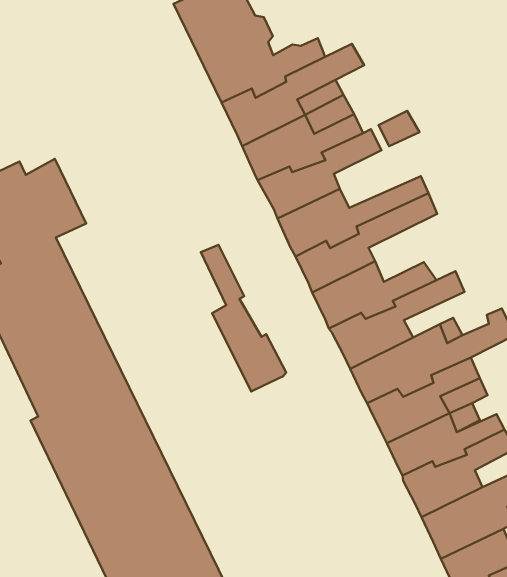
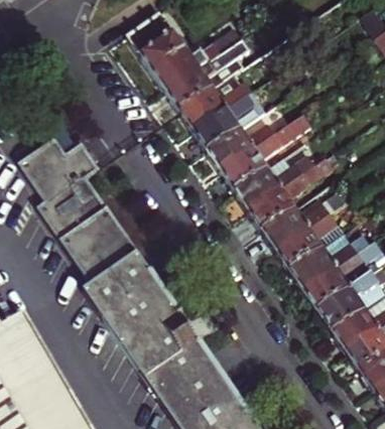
building: [201,245,286,391] -> none

